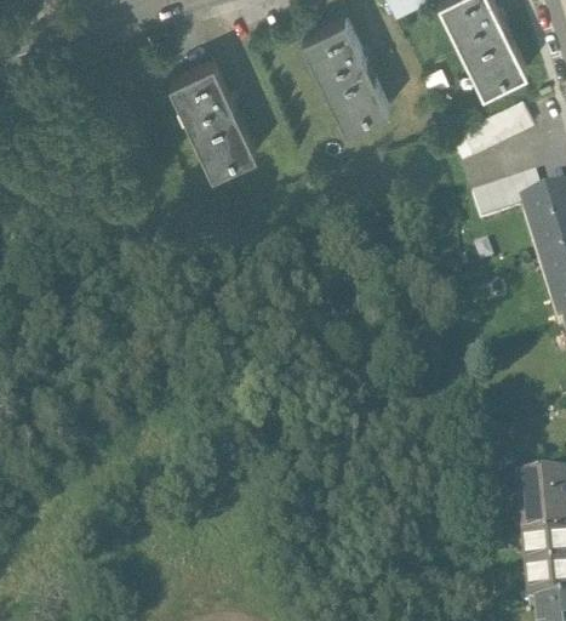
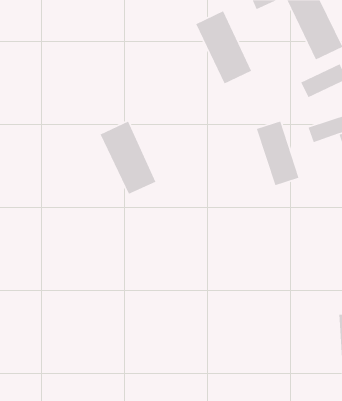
building: [171,65,257,178] -> [100,121,156,195]
building: none -> [256,121,300,186]

